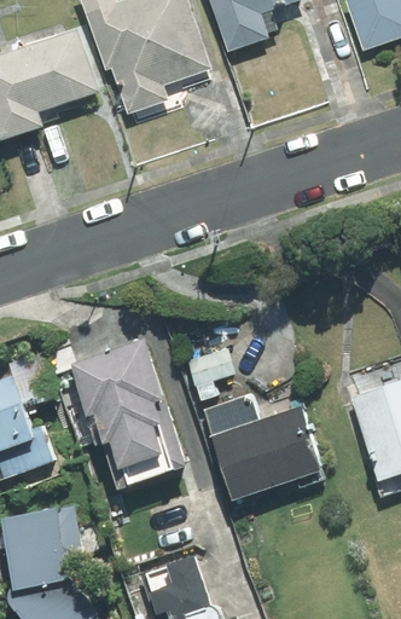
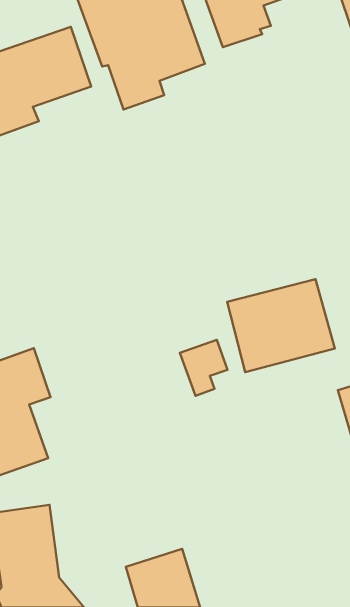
building: [63,340,188,494] -> none
building: [216,403,325,497] -> [227,279,335,372]

